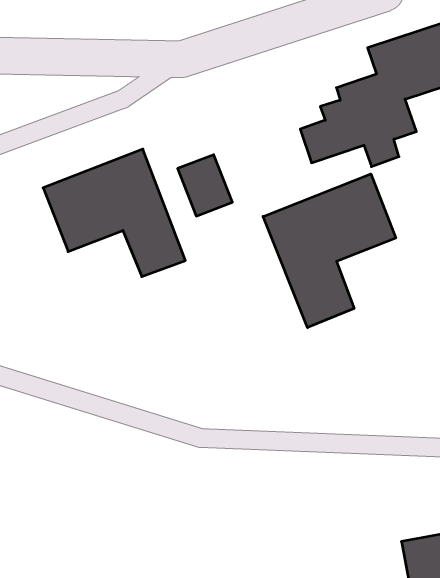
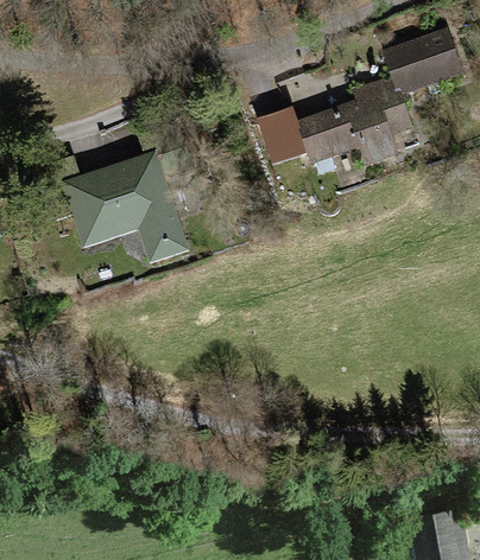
building: [178,155,232,216] -> [248,110,301,168]
building: [263,174,396,328] -> none

